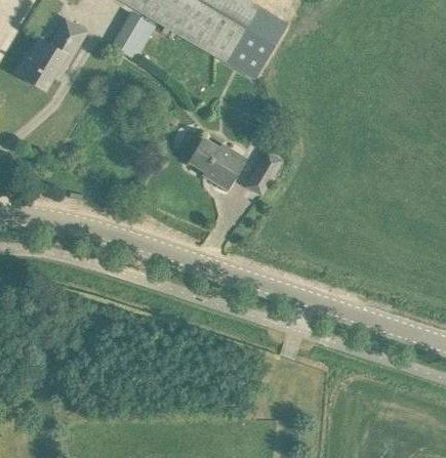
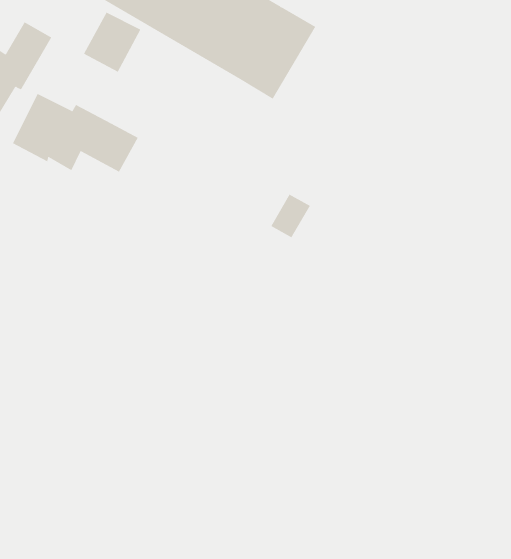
building: none -> [12,93,138,173]
building: [189,137,246,189] -> none

